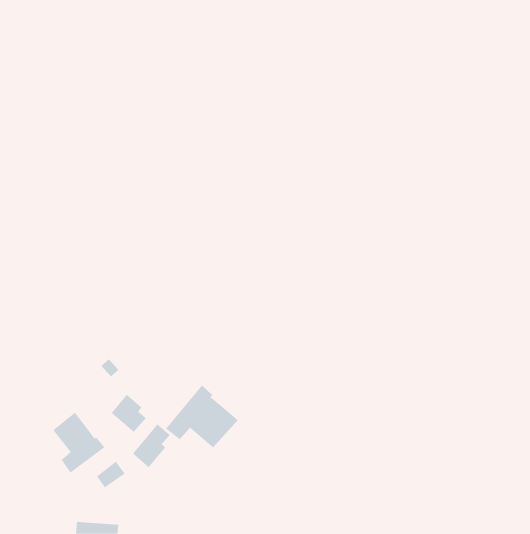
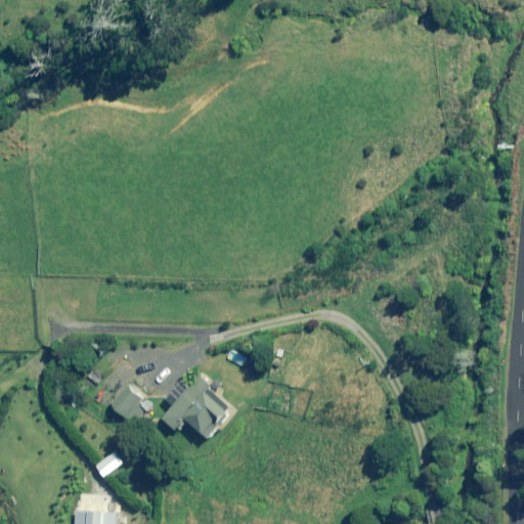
building: [53,412,105,473] -> none
building: [132,424,170,468] -> none

